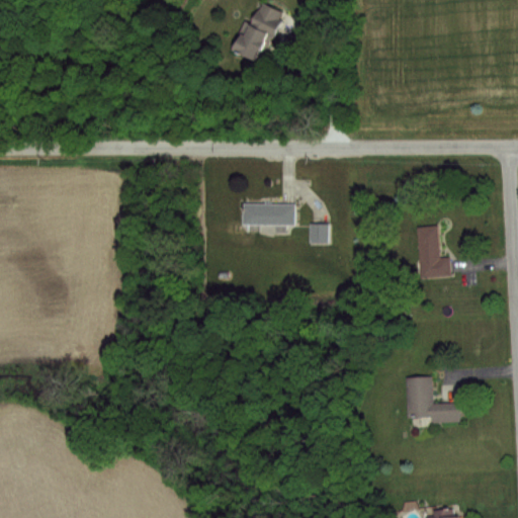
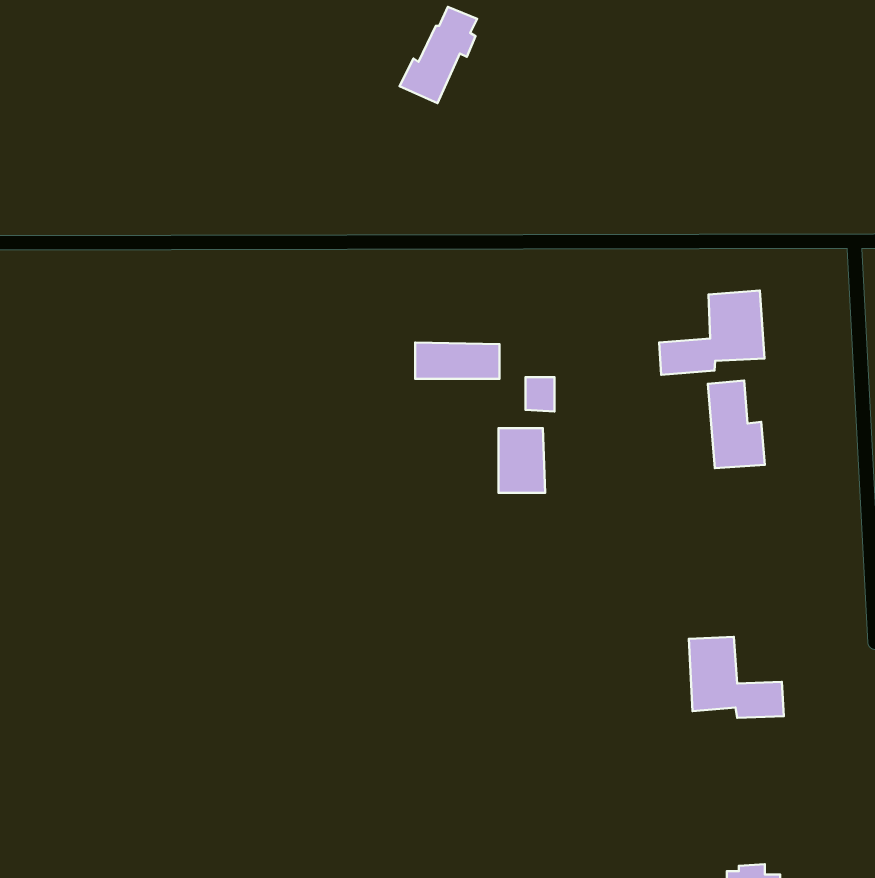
building: none -> [659,290,765,375]
building: none -> [498,428,545,493]

